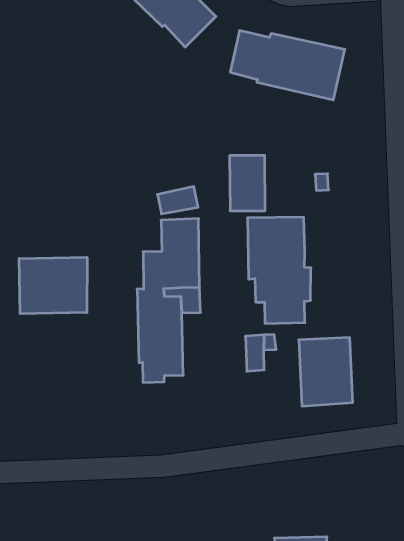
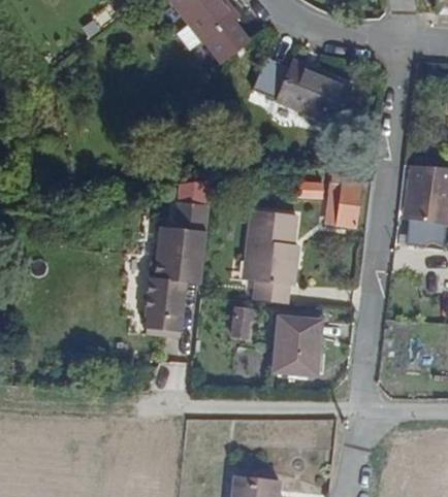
building: [230,155,265,211] -> [326,176,361,226]
building: [19,257,87,314] -> none

